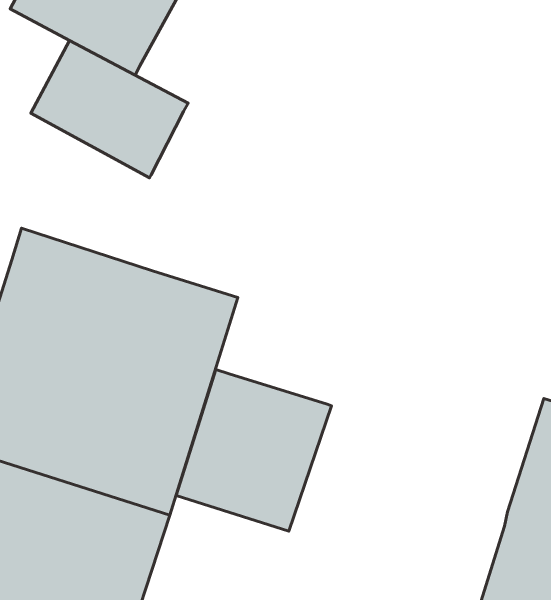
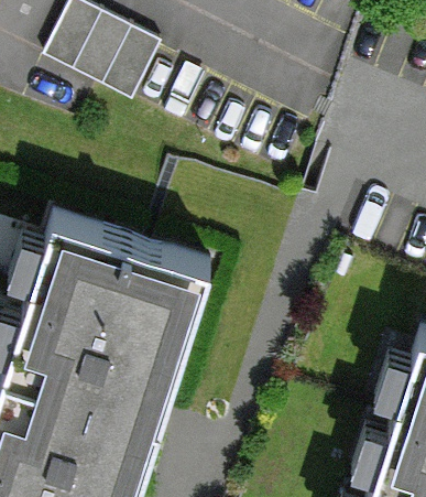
building: [31,41,188,178] -> none
building: [176,370,332,531] -> none

